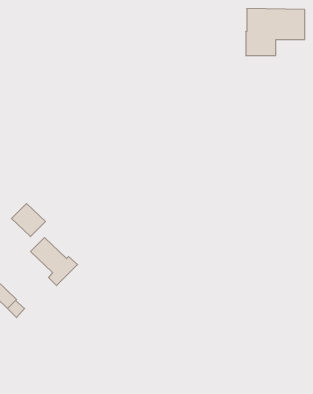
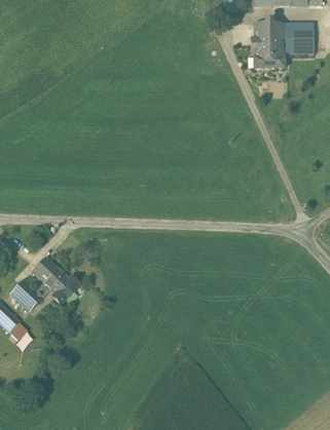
building: [11,204,45,237] -> [9,277,44,311]

